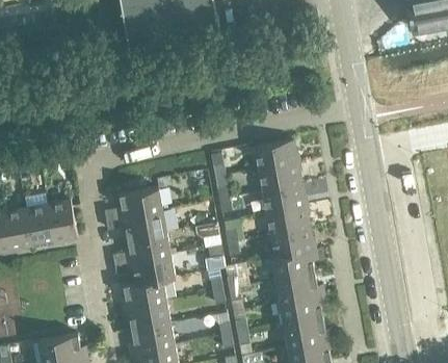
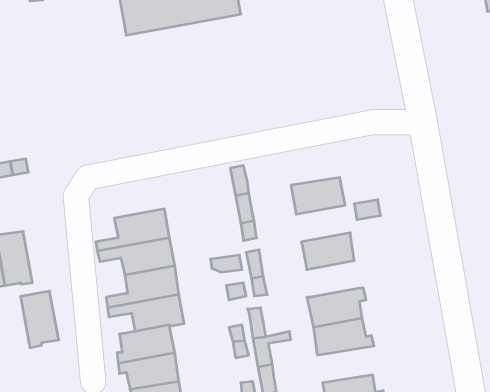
building: [254,138,296,167] -> none
building: [262,183,305,212] -> none
building: [47,200,77,244] -> [21,291,59,348]
building: [270,227,312,256] -> none
building: [279,294,324,323] -> none

